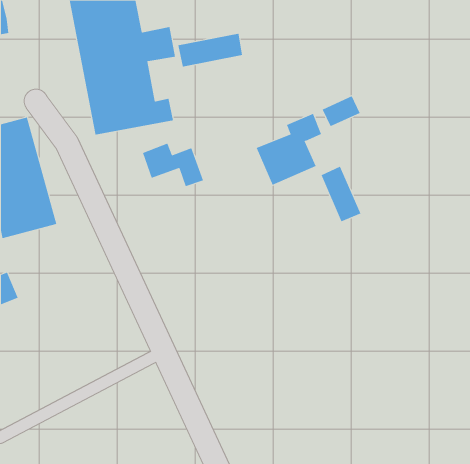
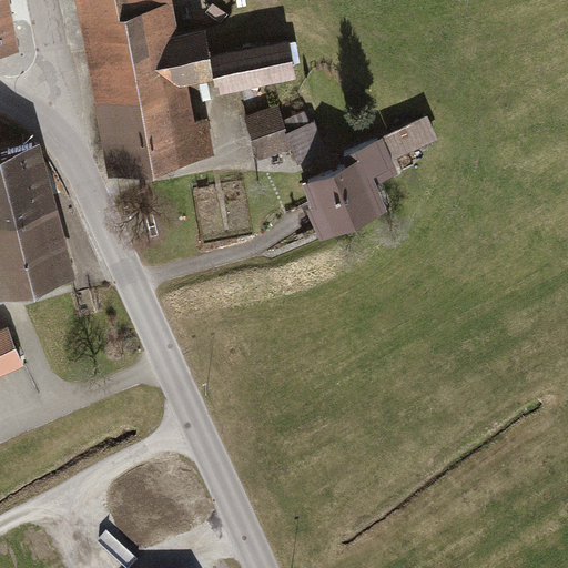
building: [142,143,204,187] -> [246,111,321,164]
building: [321,166,361,222] -> none

